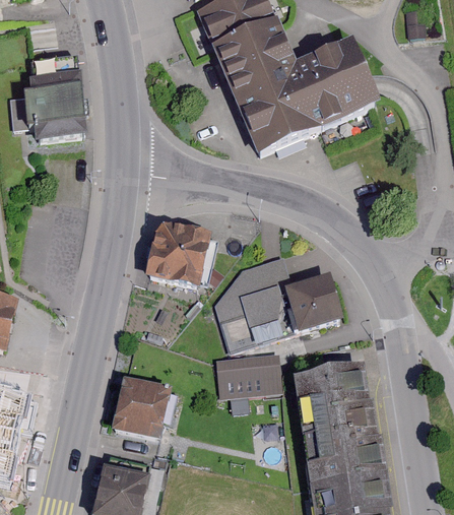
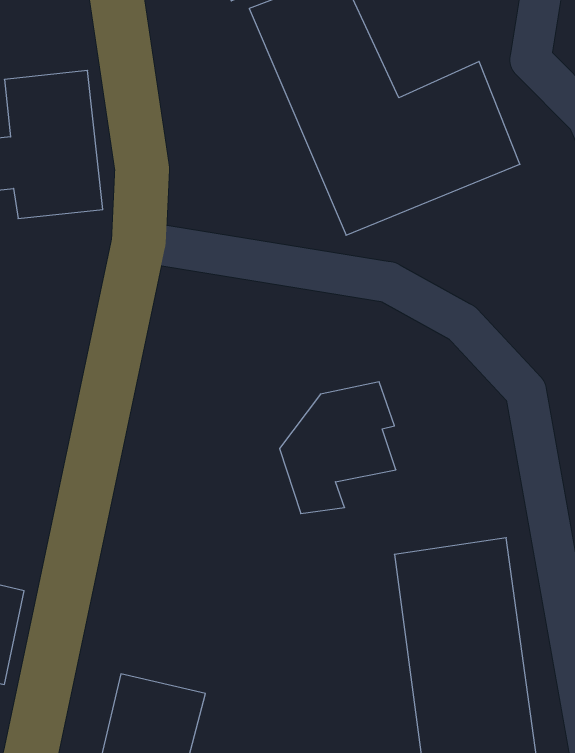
building: [147,218,215,288] -> none
building: [289,274,348,331] -> none
building: [215,351,280,396] -> none
building: [114,375,176,437] -> none

